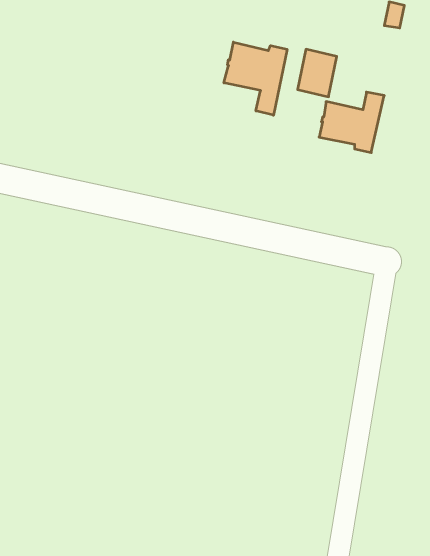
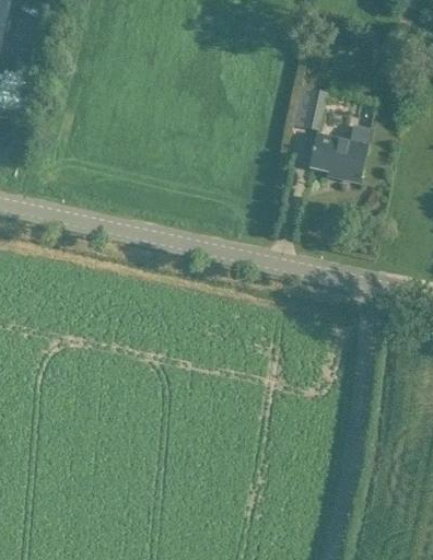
building: [224,42,287,115] -> none

